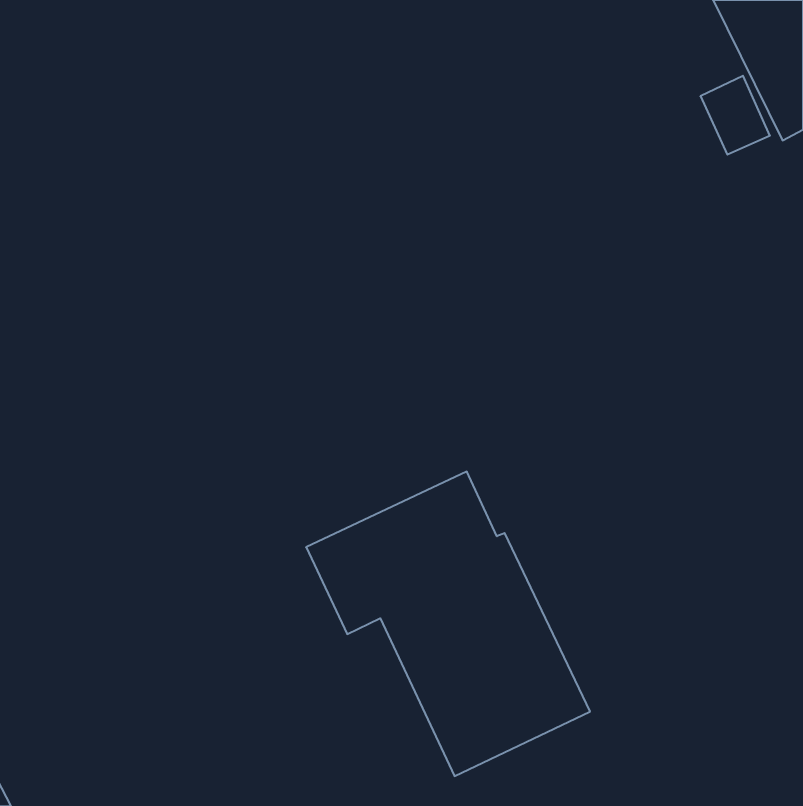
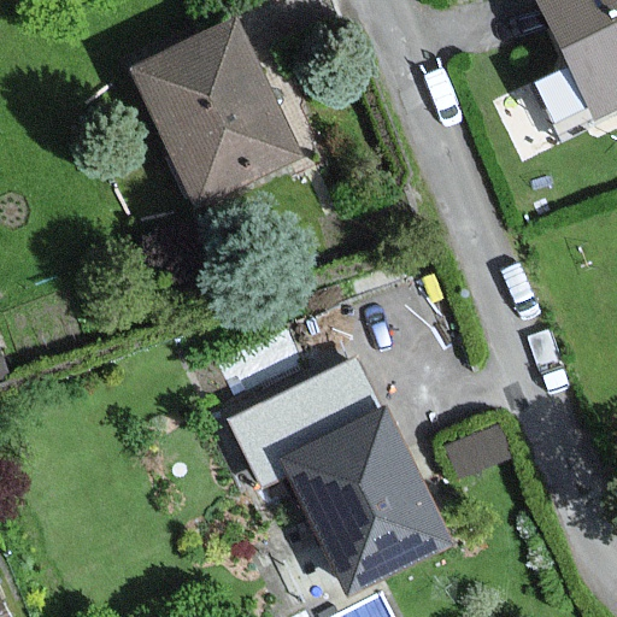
building: none -> [139,24,286,195]

